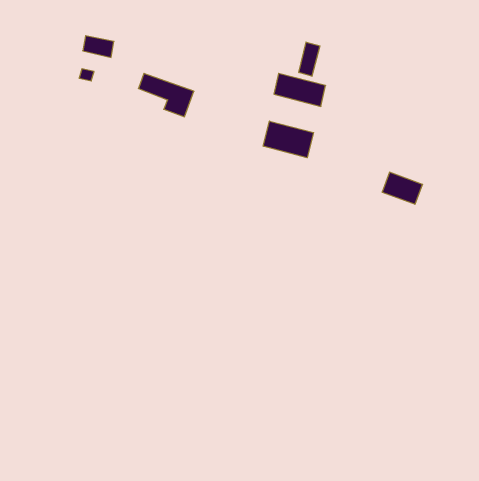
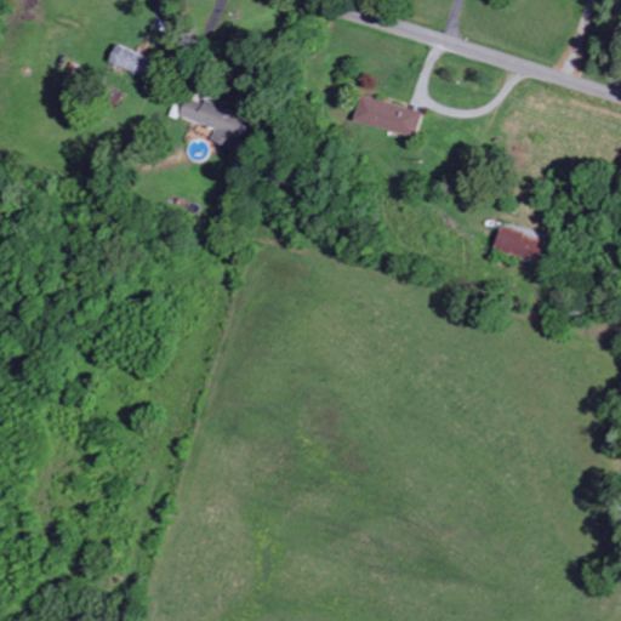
building: [299,42,320,76] -> none
building: [263,121,314,158] -> none

